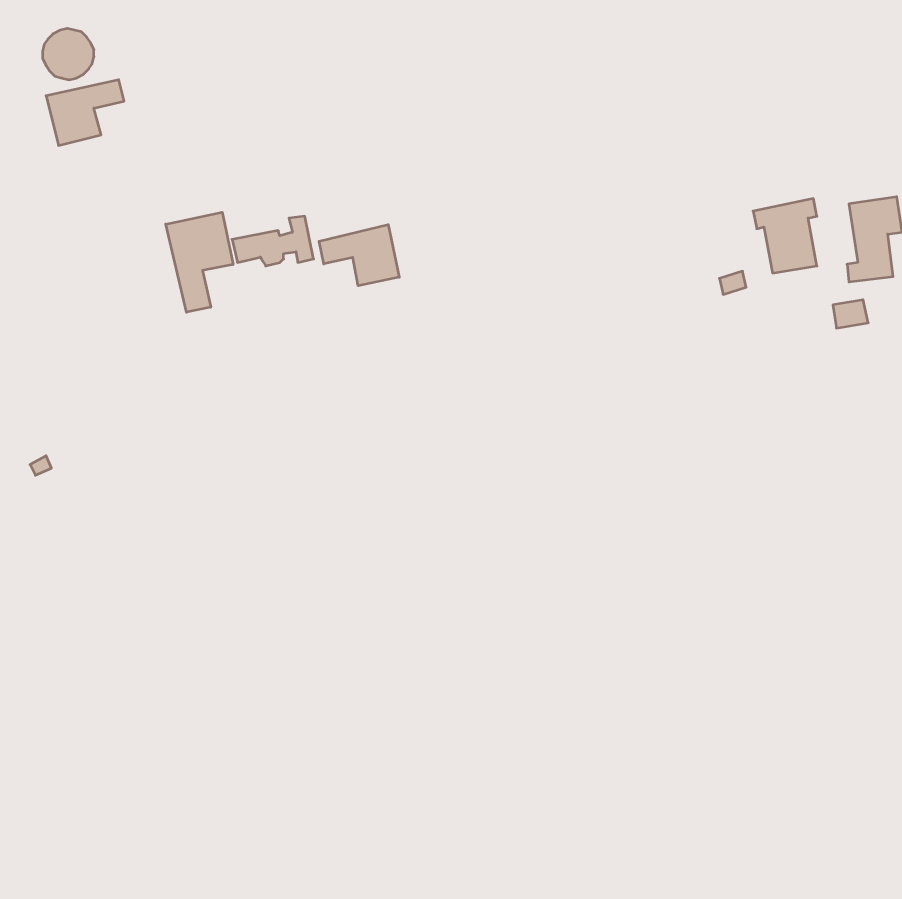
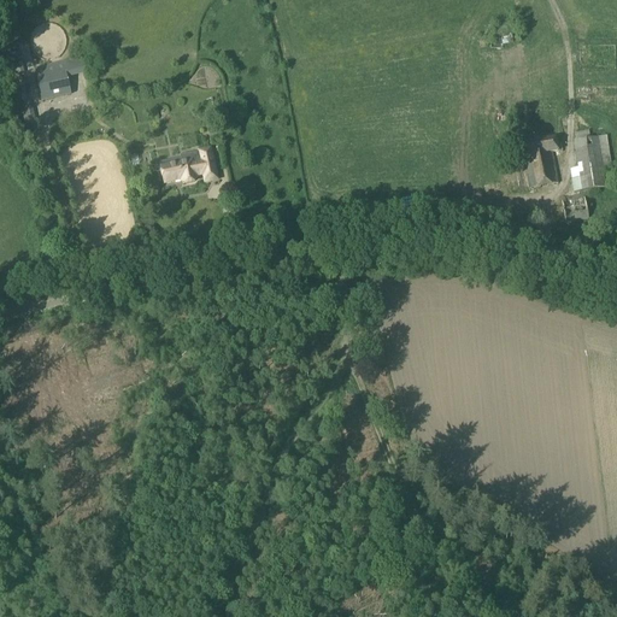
building: [166,212,233,312] -> none
building: [319,225,399,286] -> none

